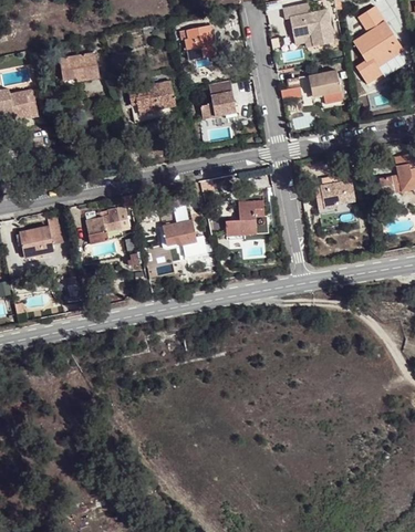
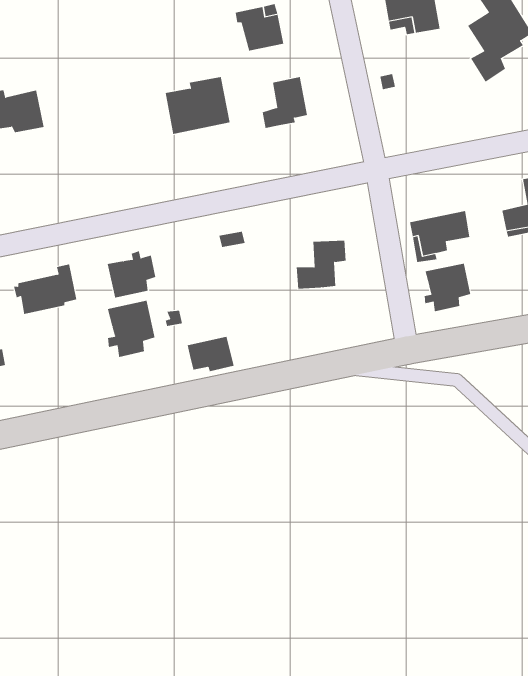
building: [60,53,100,82] -> none
building: [310,70,342,103] -> none
building: none -> [424,263,471,312]
building: [162,219,197,246] -> [187,336,235,372]
building: none -> [107,300,155,358]

